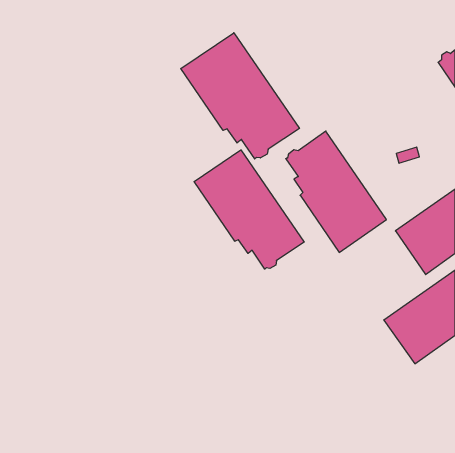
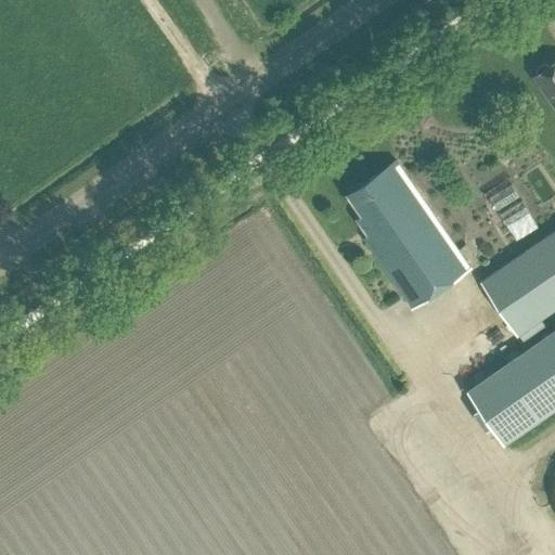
building: [181,33,299,159] -> none
building: [194,150,304,269] -> none

